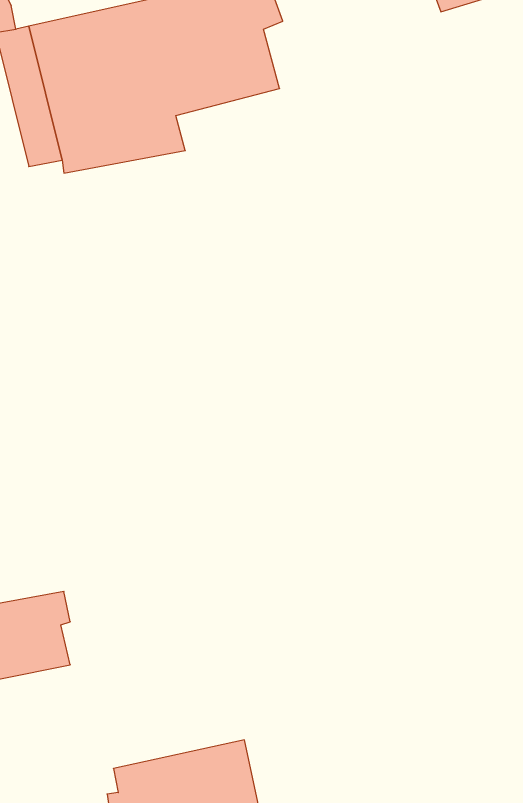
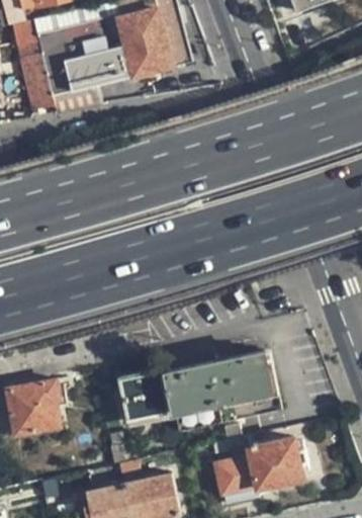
building: none -> [119,352,276,421]
building: none -> [215,437,303,502]

